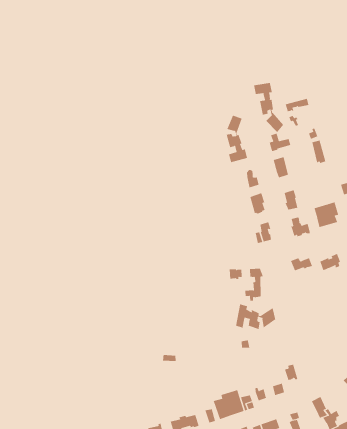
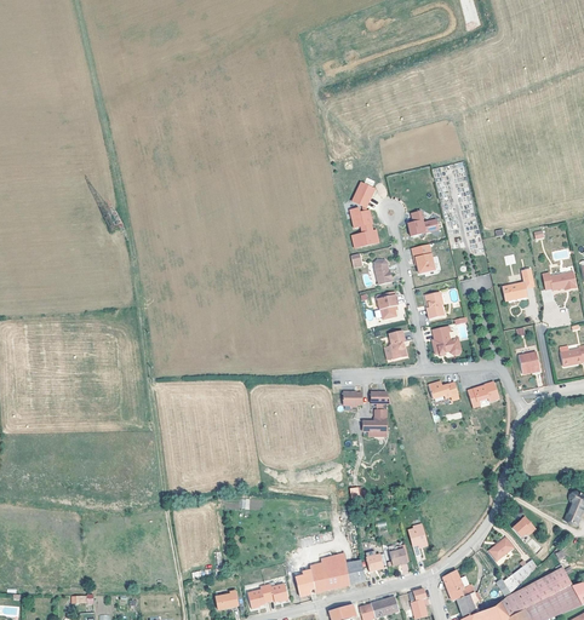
building: [253,82,284,133] -> none
building: [314,202,339,228] -> none
building: [235,303,276,330] -> none

